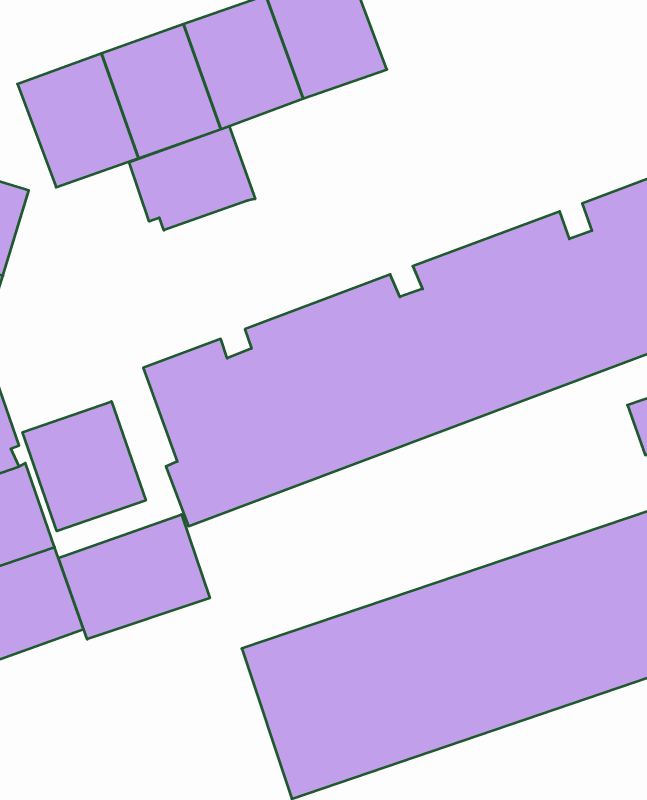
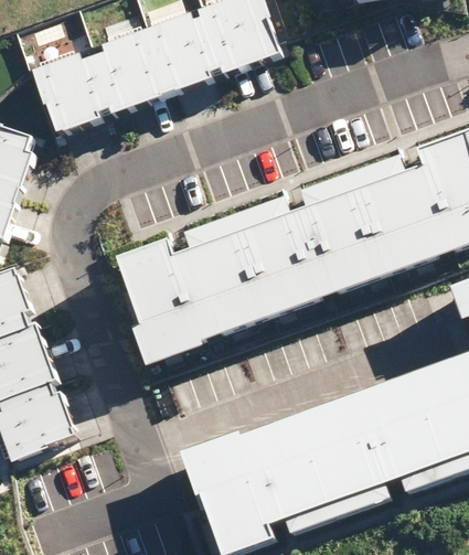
building: [129,126,255,230] -> none
building: [23,401,146,531] -> none
building: [58,514,210,639] -> none

